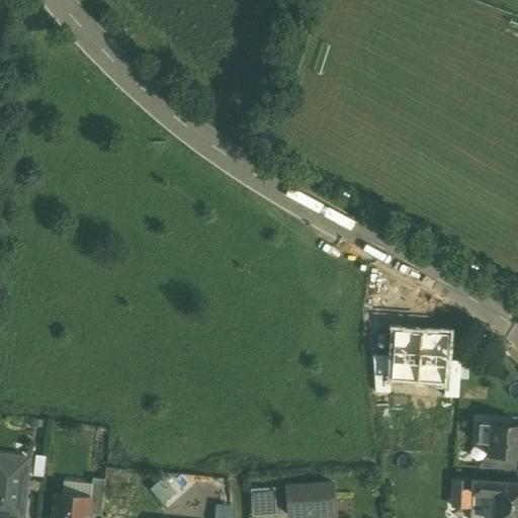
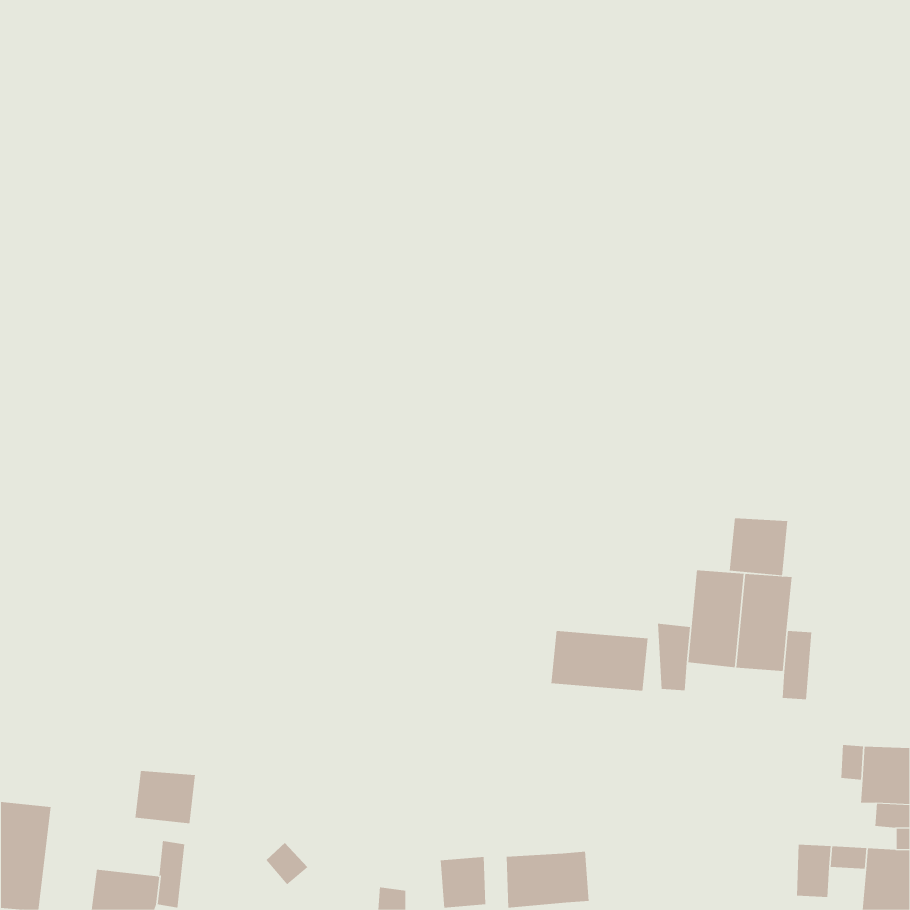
building: none -> [729,518,788,576]
building: none -> [551,630,648,692]
building: none -> [135,770,196,824]

